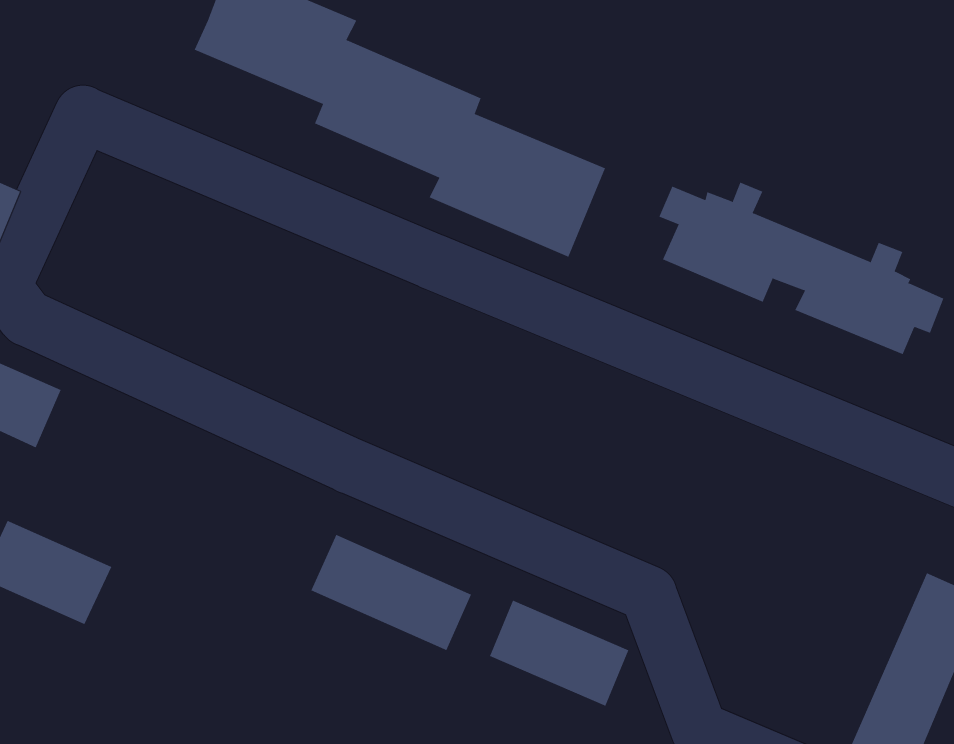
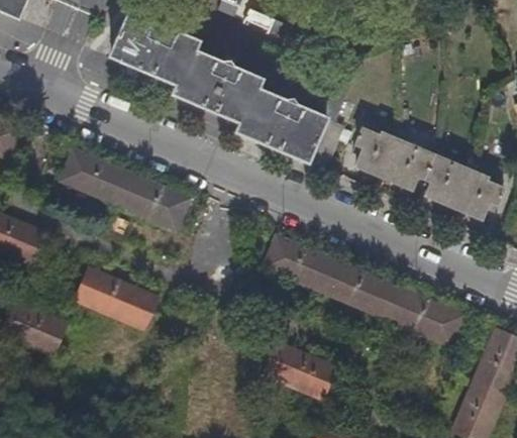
building: none -> [61,150,192,233]
building: none -> [266,238,462,349]
building: [311,534,472,651] -> [77,269,161,330]

